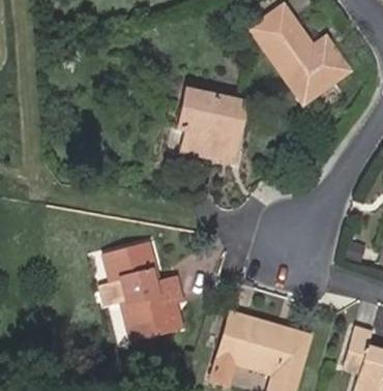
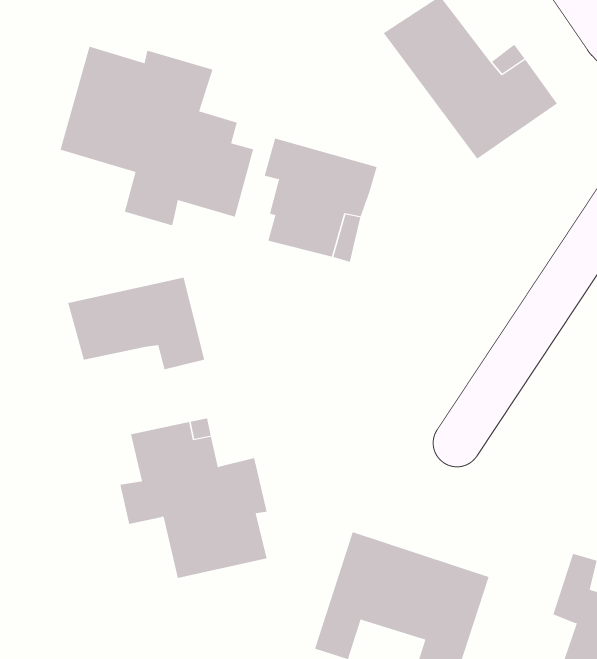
building: none -> [60,46,254,226]
building: none -> [68,277,205,370]

